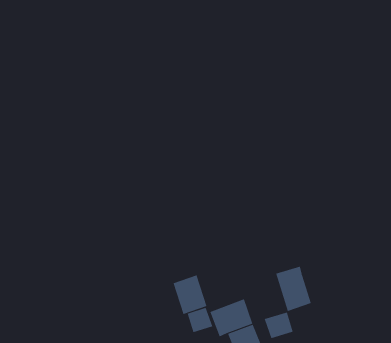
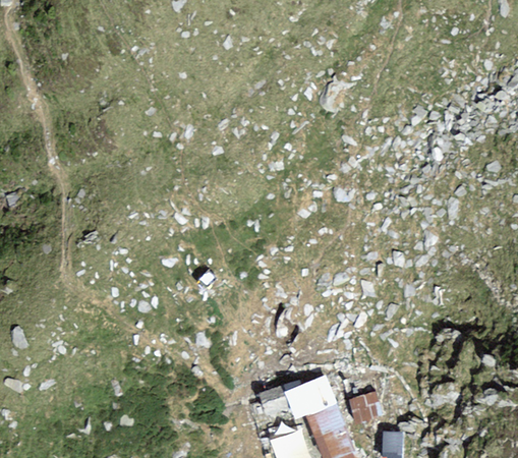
building: [276,266,311,312] -> none
building: [173,275,207,315] -> none

